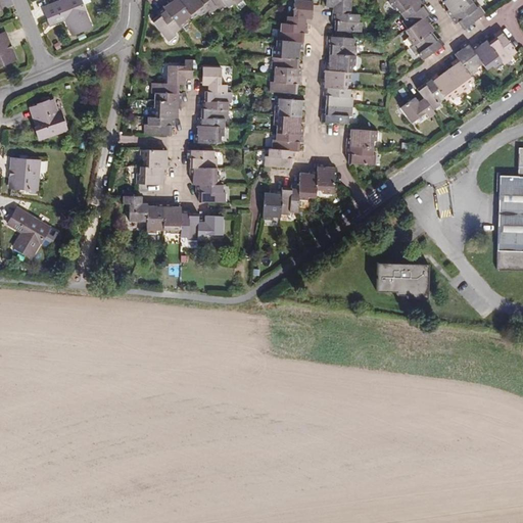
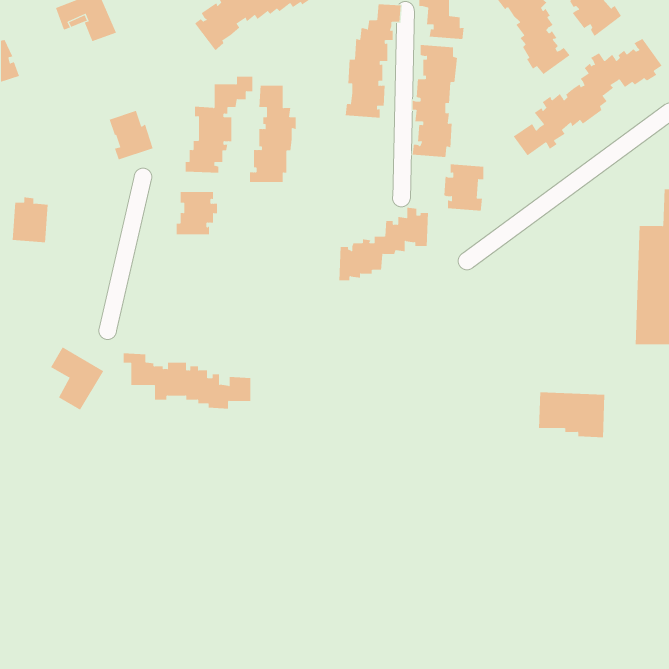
building: [266,97,305,167] -> none
building: [33,100,67,139] -> [109,110,154,160]
building: [188,149,226,201] -> none
building: [124,195,224,239] -> [123,353,251,409]
building: [8,206,50,256] -> [50,346,104,411]
building: [374,263,426,298] -> [538,392,605,438]

